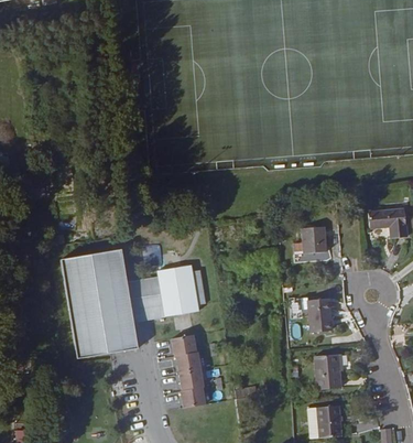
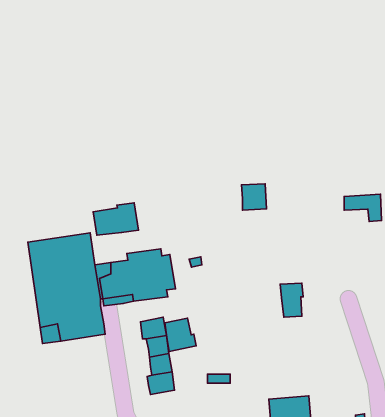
building: none -> [93,203,139,235]
building: [303,229,327,255] -> [241,184,266,210]
building: none -> [165,318,196,351]
building: [315,355,340,389] -> none

